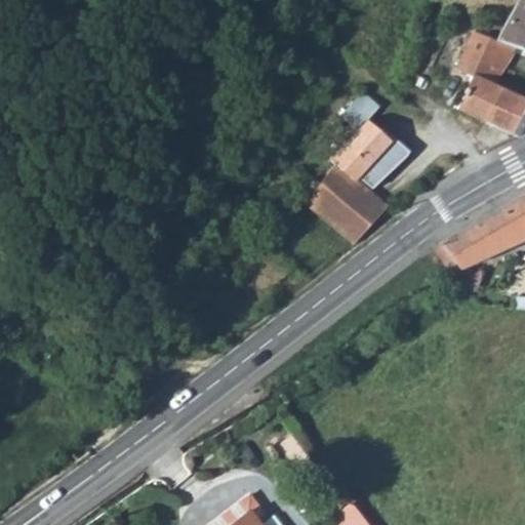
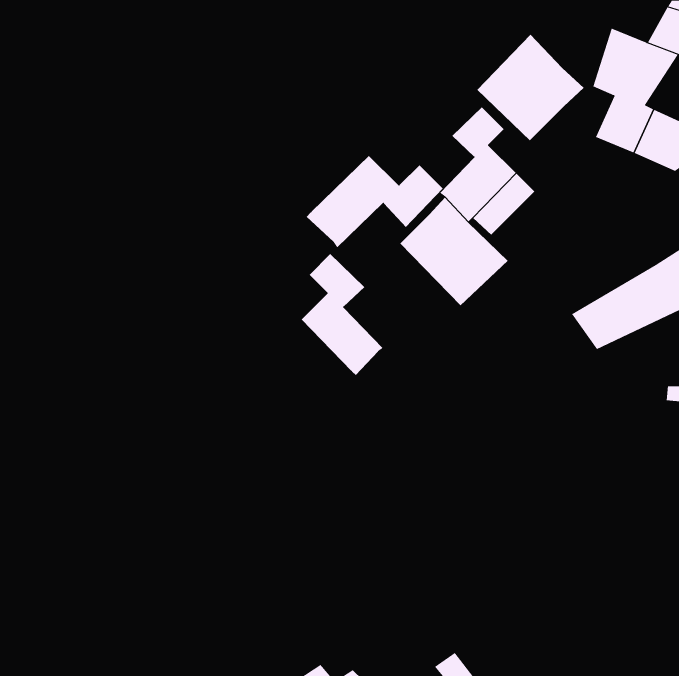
building: none -> [477,34,584,141]
building: none -> [306,155,444,248]
building: none -> [301,253,384,376]

